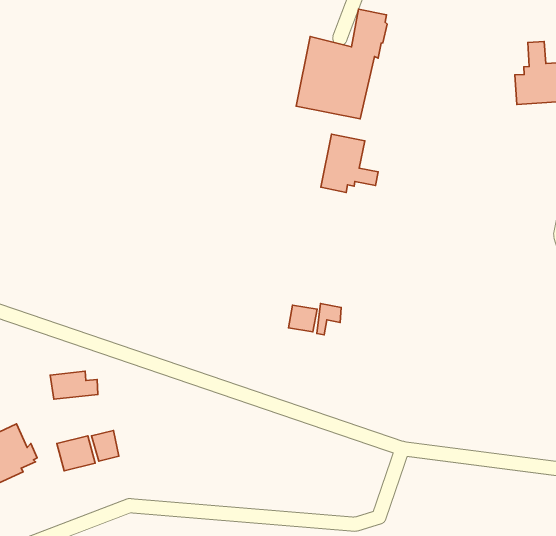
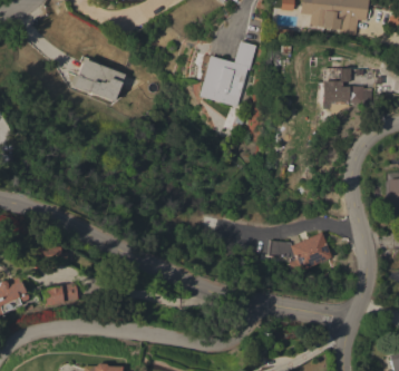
building: none -> [71,59,125,101]
building: [321,134,378,192] -> none
building: none -> [269,232,332,270]

